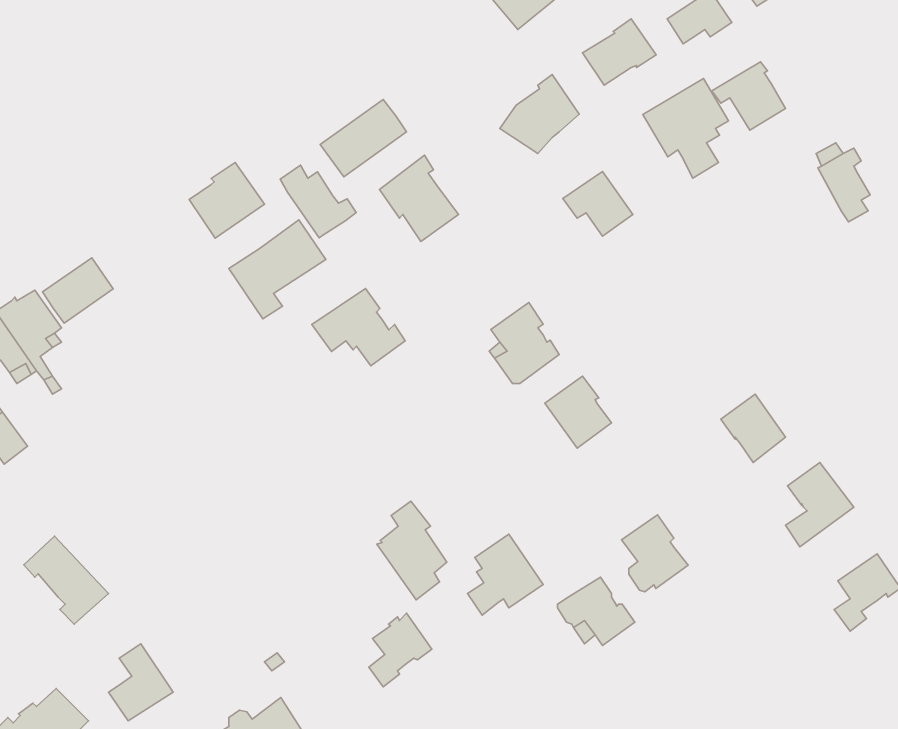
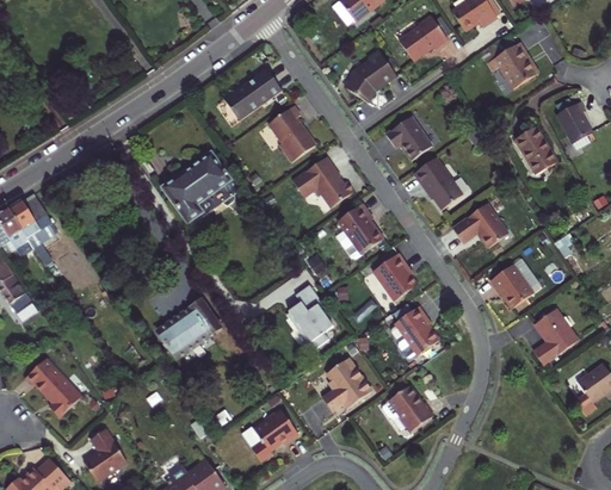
building: [643,79,728,178] -> none
building: [189,163,264,238] -> none
building: [280,165,356,238] -> none
building: none -> [513,124,556,173]
building: none -> [414,156,463,209]
building: [43,258,113,323] -> none
building: [312,289,405,366] -> [292,155,354,206]
building: none -> [452,203,508,247]
building: none -> [160,294,222,351]
building: [377,501,447,600] -> [286,284,333,349]
building: [622,515,688,592] -> [395,305,439,356]

